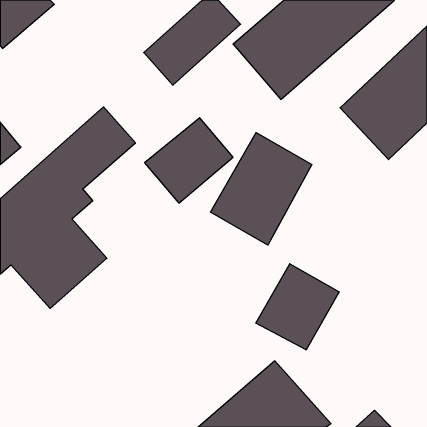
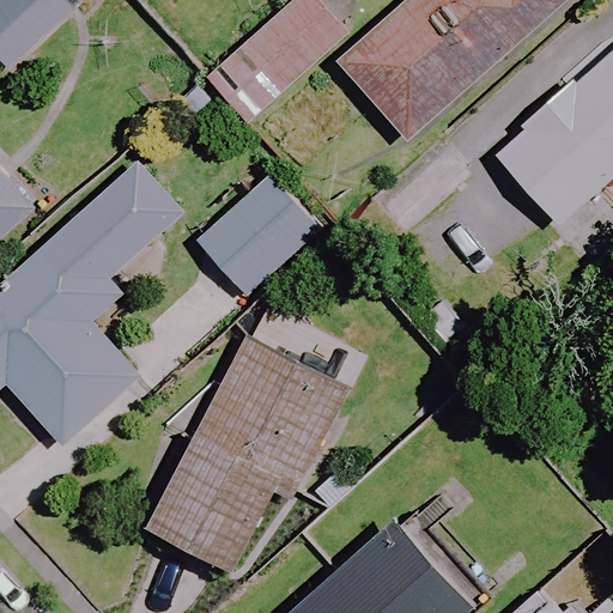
building: [211,133,312,245] -> none
building: none -> [136,316,351,573]
building: [256,264,339,350] -> none

